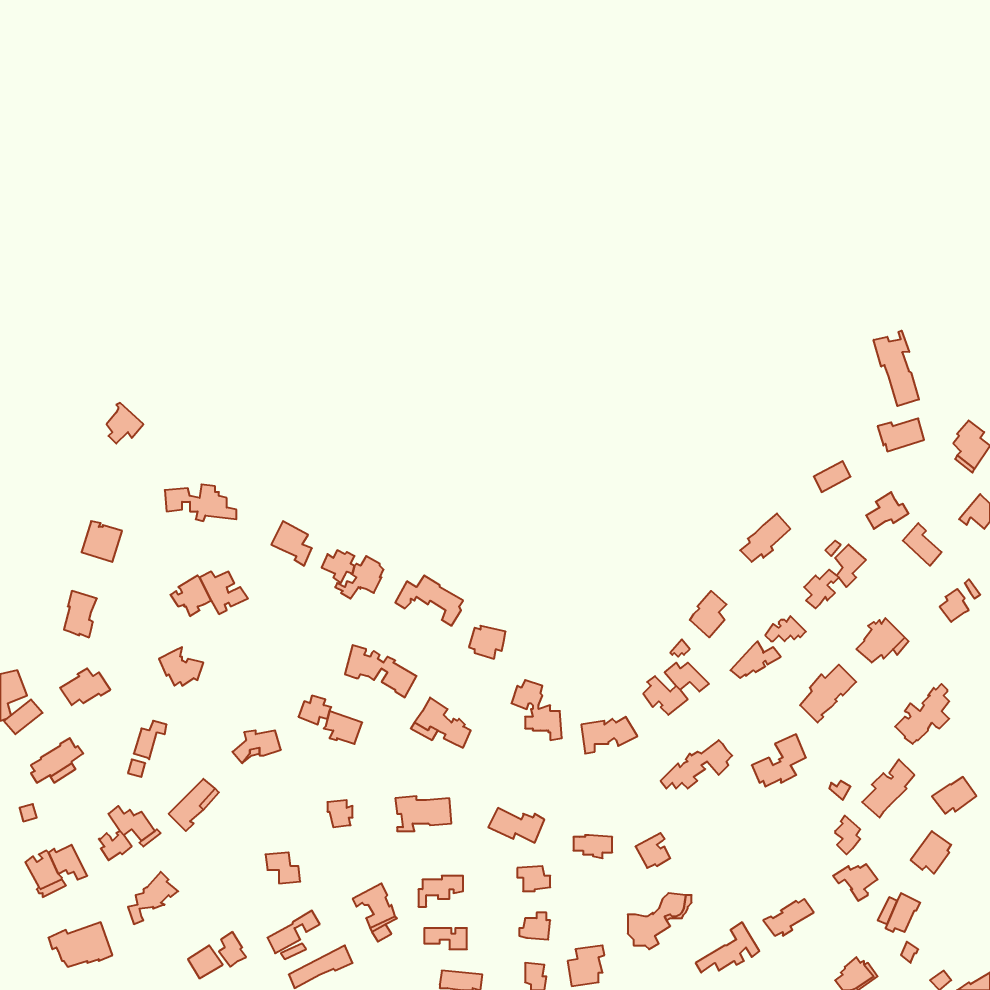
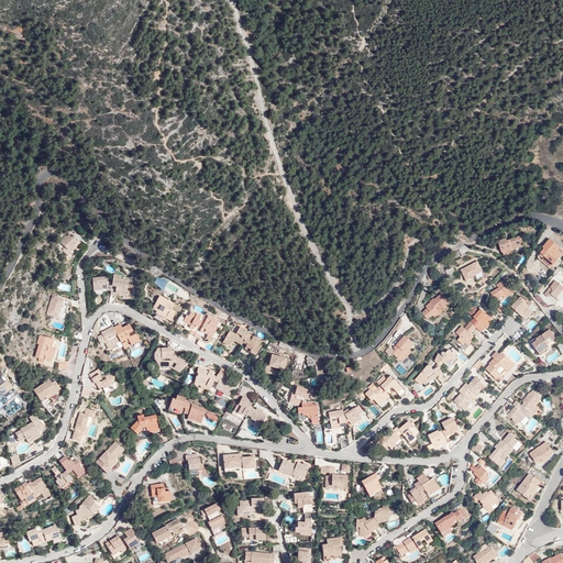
building: [874,331,919,406] -> none
building: none -> [154,349,187,369]
building: none -> [407,473,439,504]

